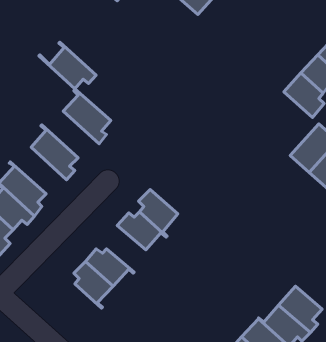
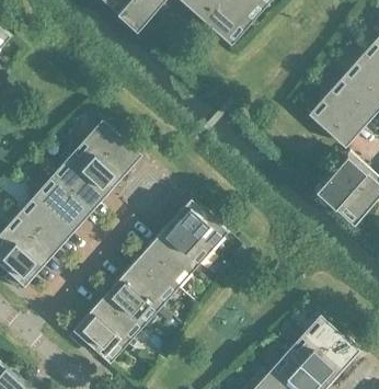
building: [39,42,96,89] -> [65,138,124,186]
building: none -> [32,175,90,224]
building: none -> [176,205,231,244]
building: none -> [130,256,172,305]
building: none -> [70,317,126,365]

